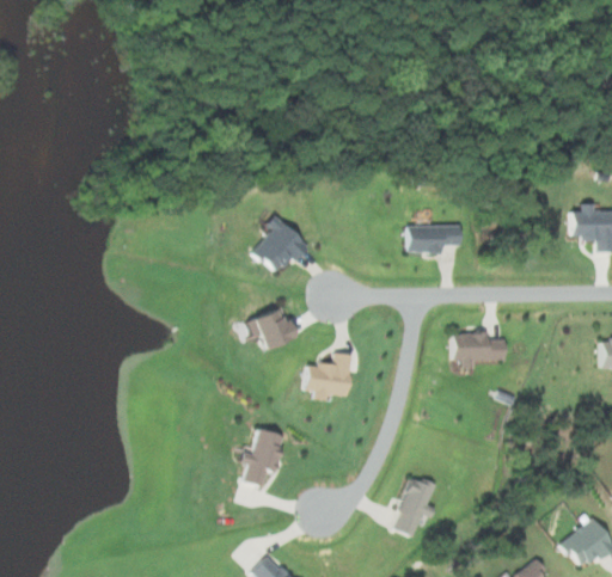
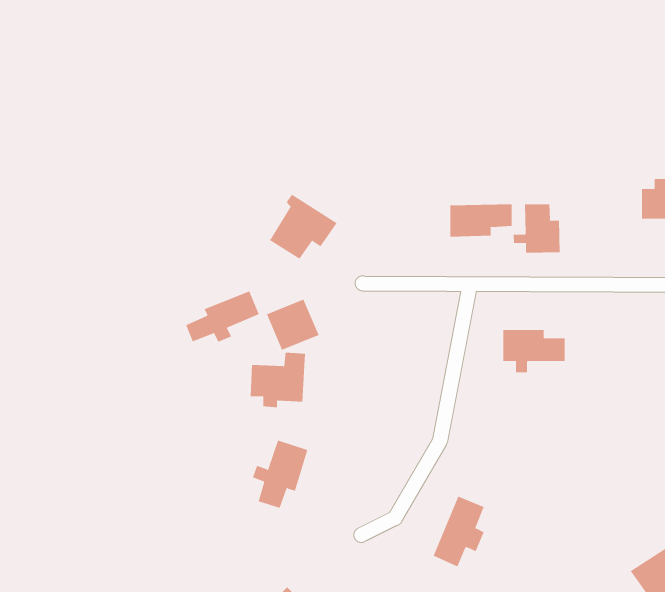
building: none -> [513,203,560,253]
building: none -> [185,291,260,342]
building: [304,352,351,400] -> [250,352,306,408]

